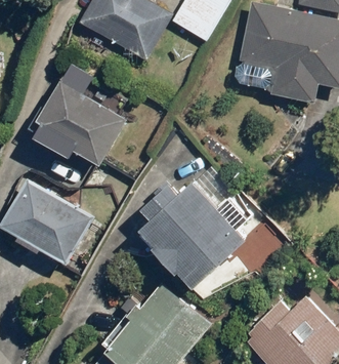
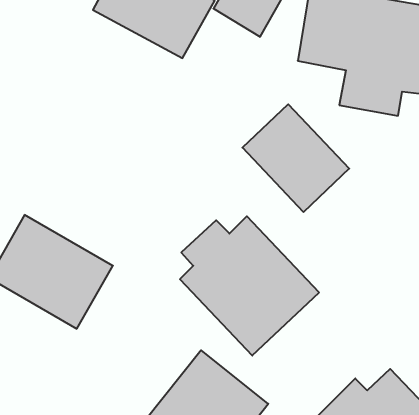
building: [34,63,127,163] -> none
building: none -> [242,104,349,212]

